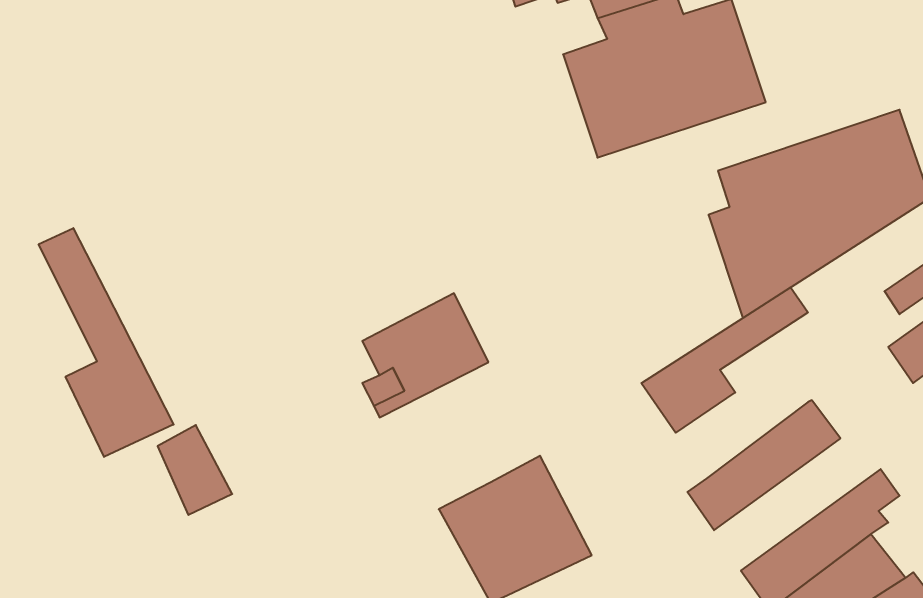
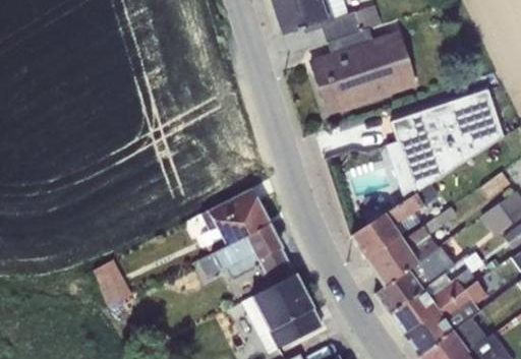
building: [39,228,174,457] -> none
building: none -> [369,204,458,285]
building: none -> [201,223,297,287]
building: none -> [390,266,478,334]

